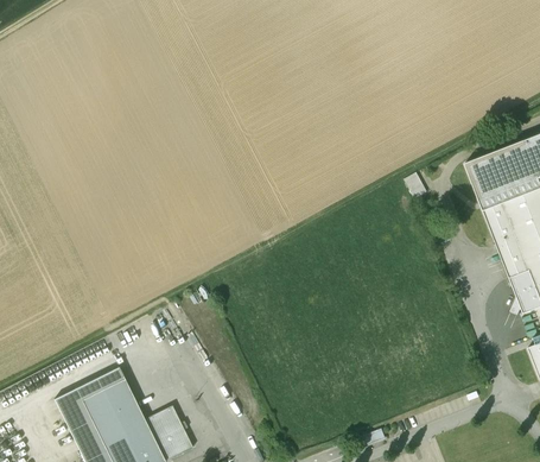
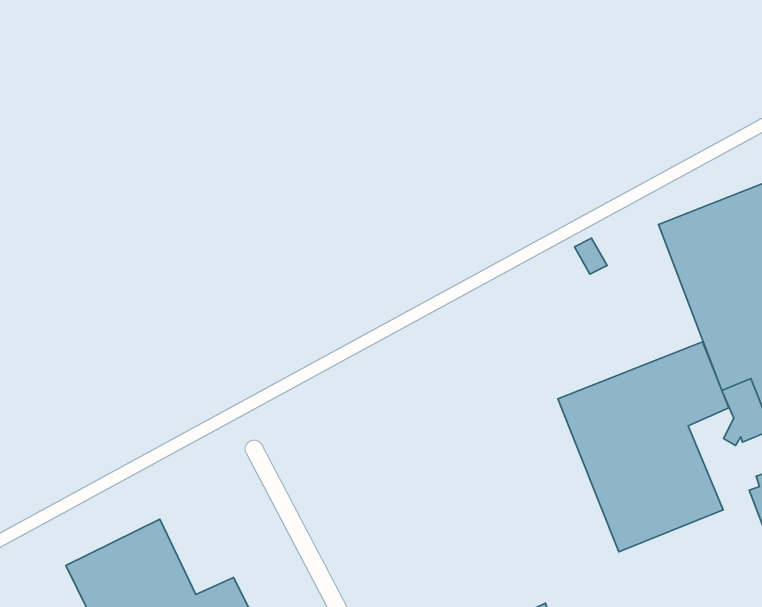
building: none -> [558,342,729,552]

